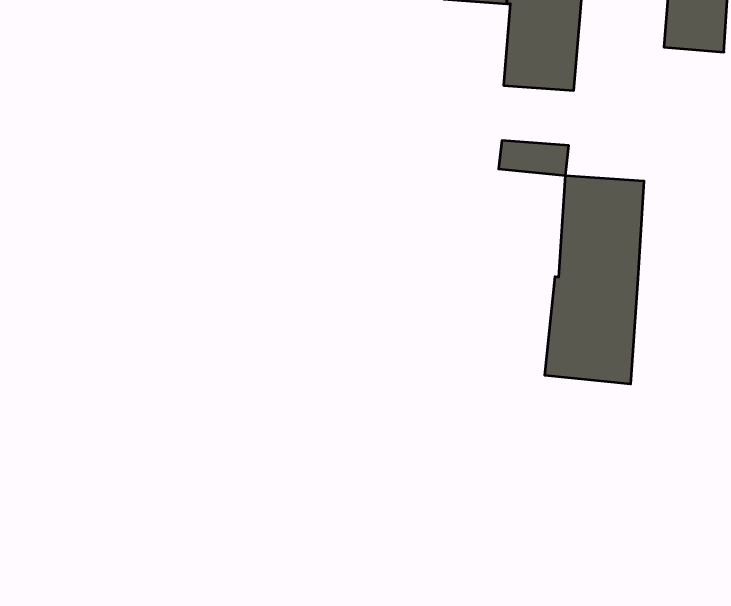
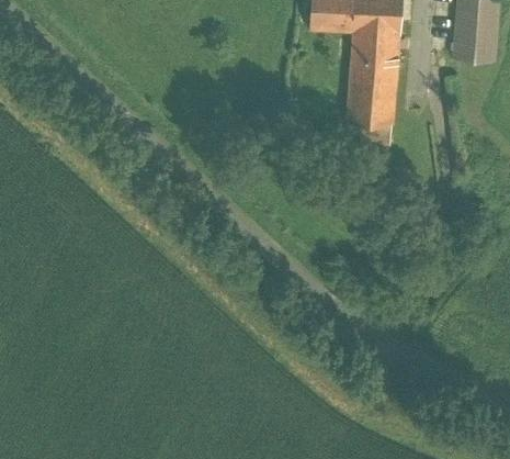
building: none -> [347,85,395,124]
building: [545,176,644,384] -> none

